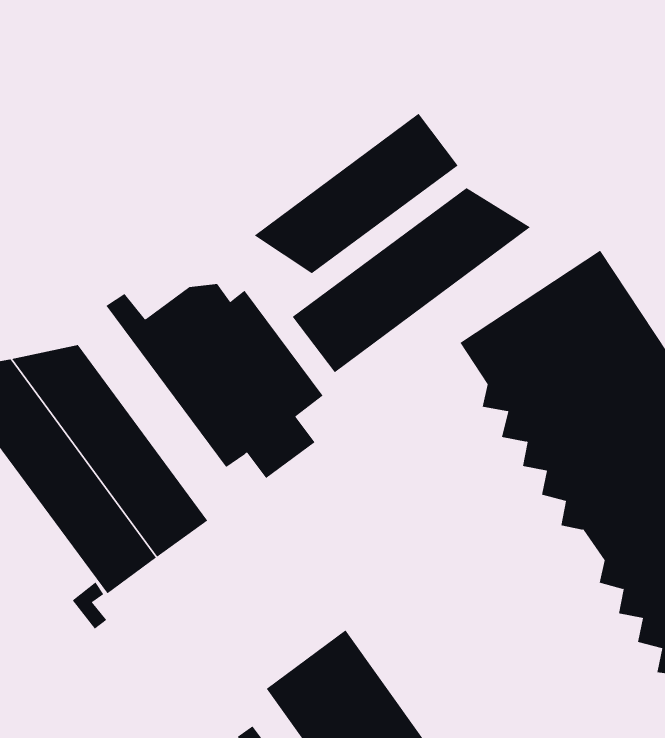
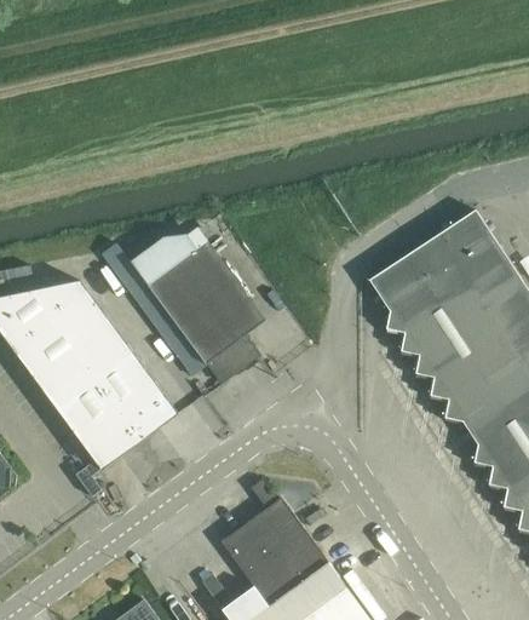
building: [253,113,459,274] -> none
building: [292,187,531,373] -> none

